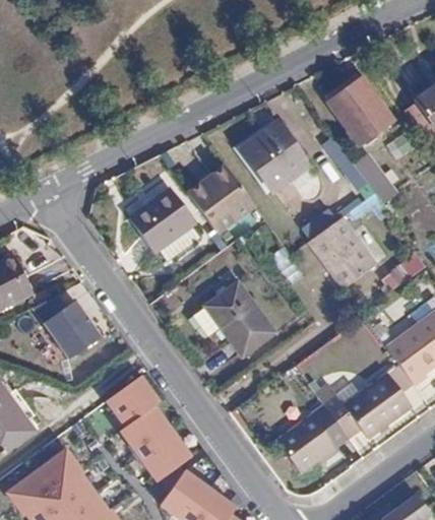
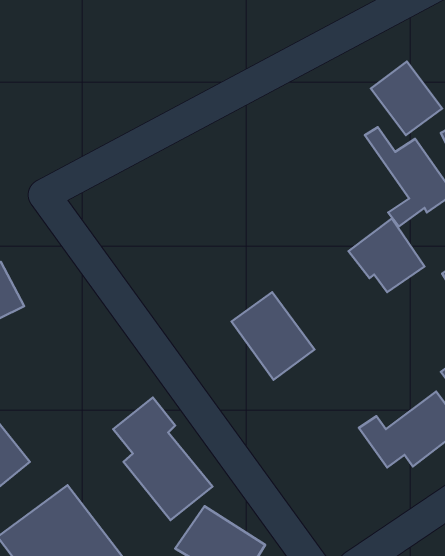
building: [244,126,311,195] -> none
building: [189,167,262,241] -> none
building: [127,191,195,258] -> none
building: [33,292,98,356] -> none
building: [278,409,350,476] -> none

